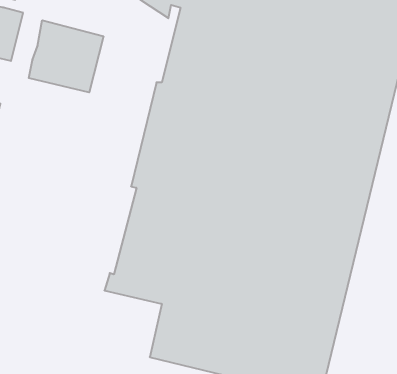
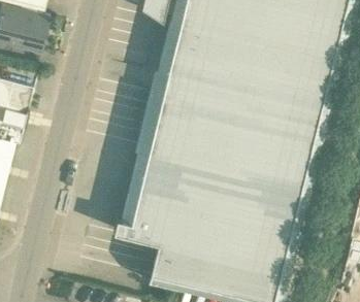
building: [29,20,103,92] -> none

